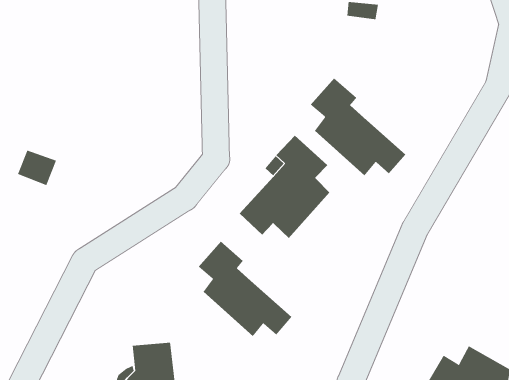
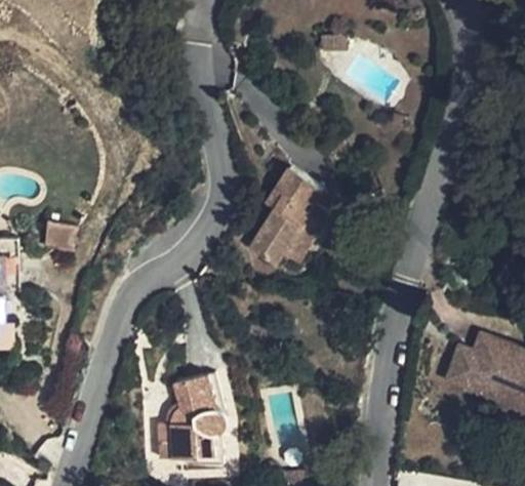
building: [310,77,406,176] -> none
building: [198,241,292,337] -> none

